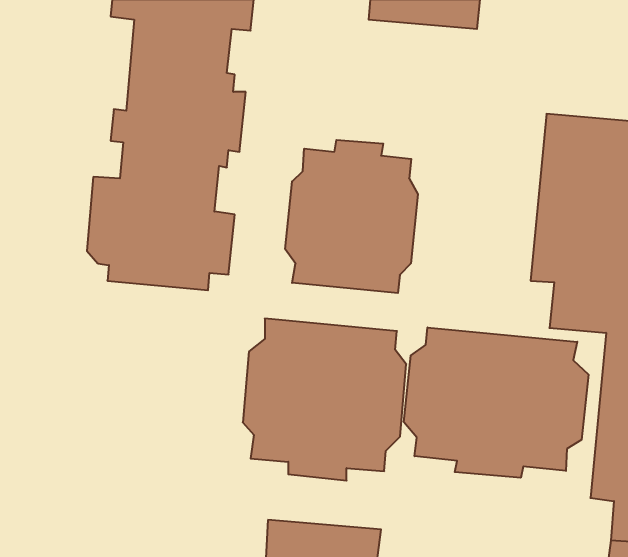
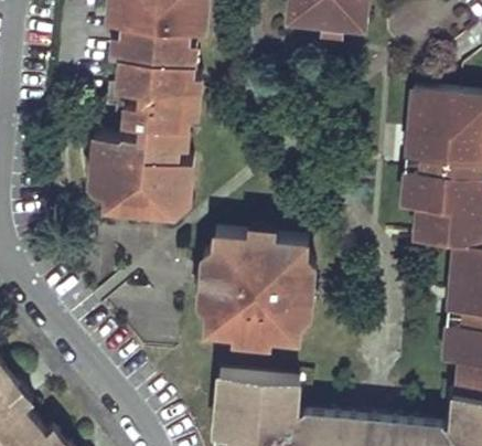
building: [285,140,418,293] -> none
building: [404,327,588,478] -> none

